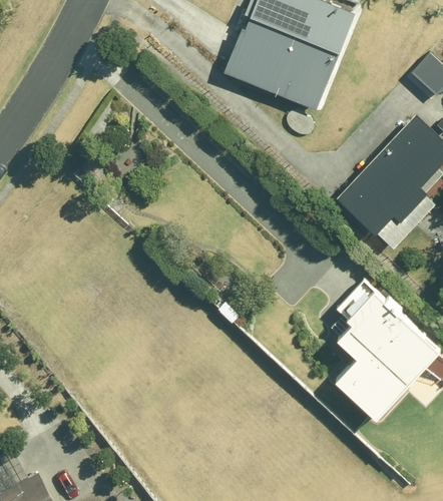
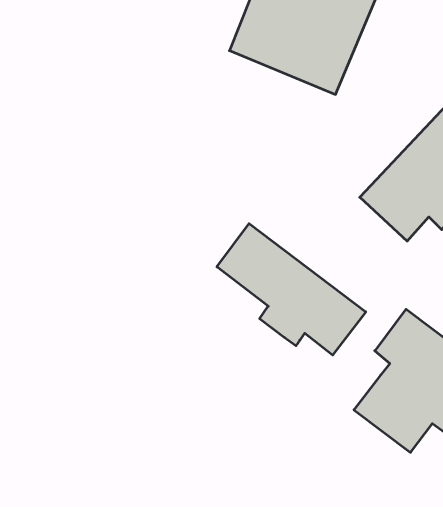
building: none -> [217,224,366,355]

